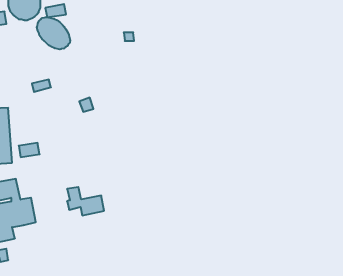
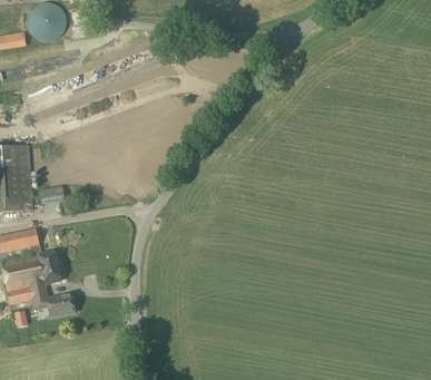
building: [37,17,70,49] -> none
building: [67,187,104,215] -> [31,282,75,315]

